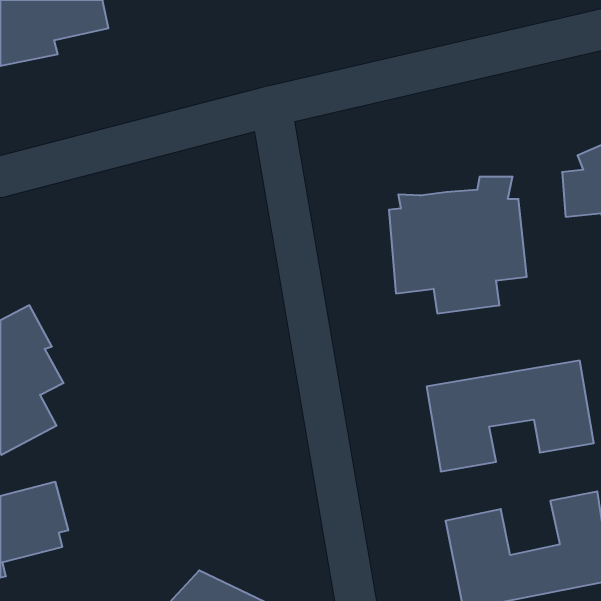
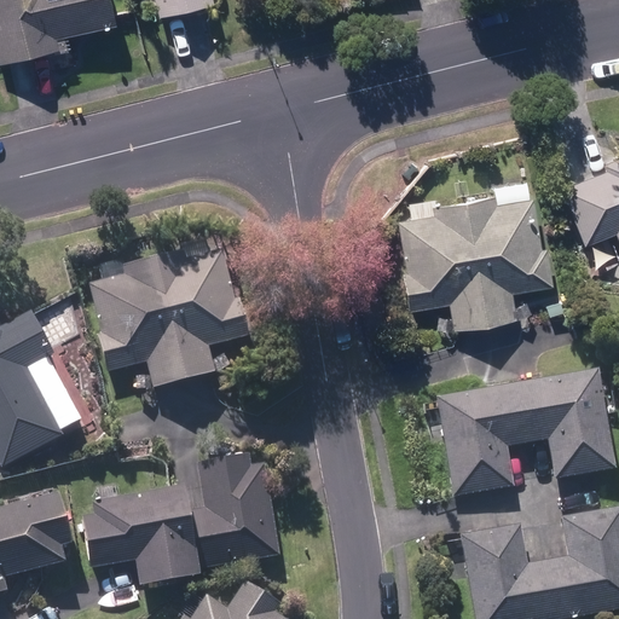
building: none -> [94,253,236,384]
building: none -> [86,462,272,577]

